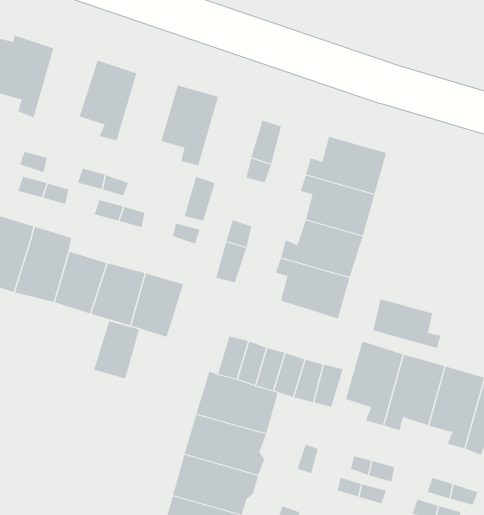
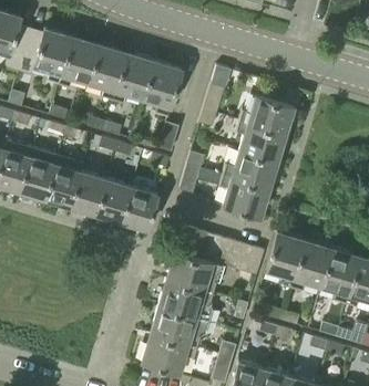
building: none -> [59,36,101,86]
building: none -> [114,53,154,102]
building: [373,299,441,349] -> none
building: [93,320,139,379] -> none

